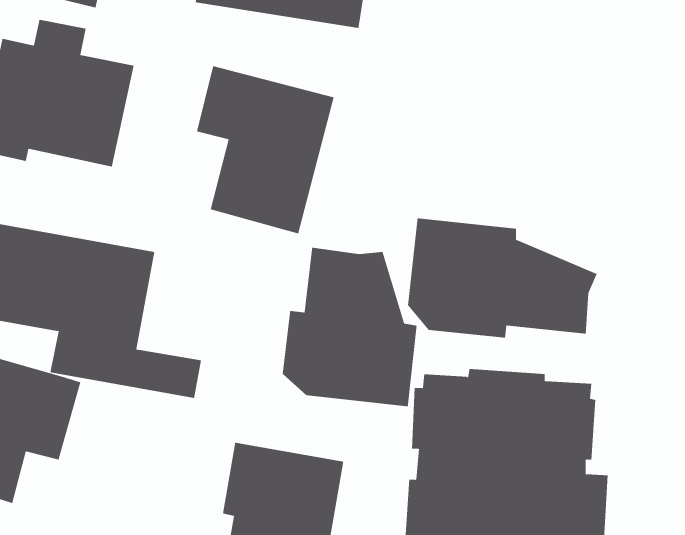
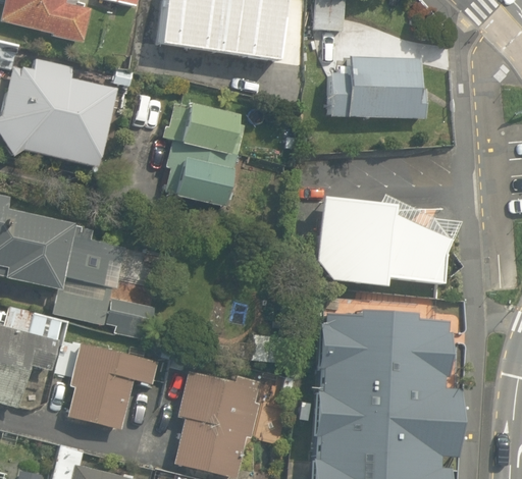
building: none -> [328,45,430,120]
building: [282,247,417,407] -> none
building: none -> [61,330,164,429]

